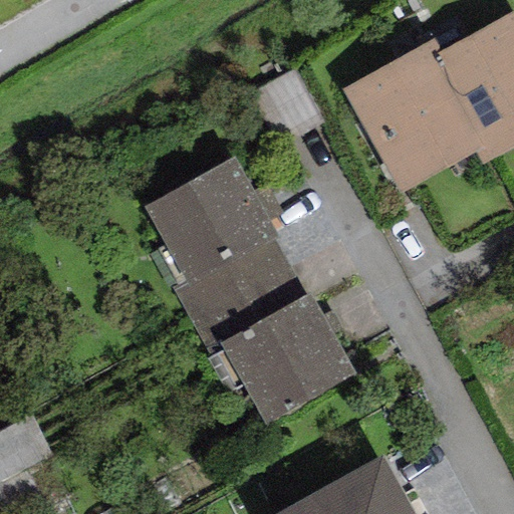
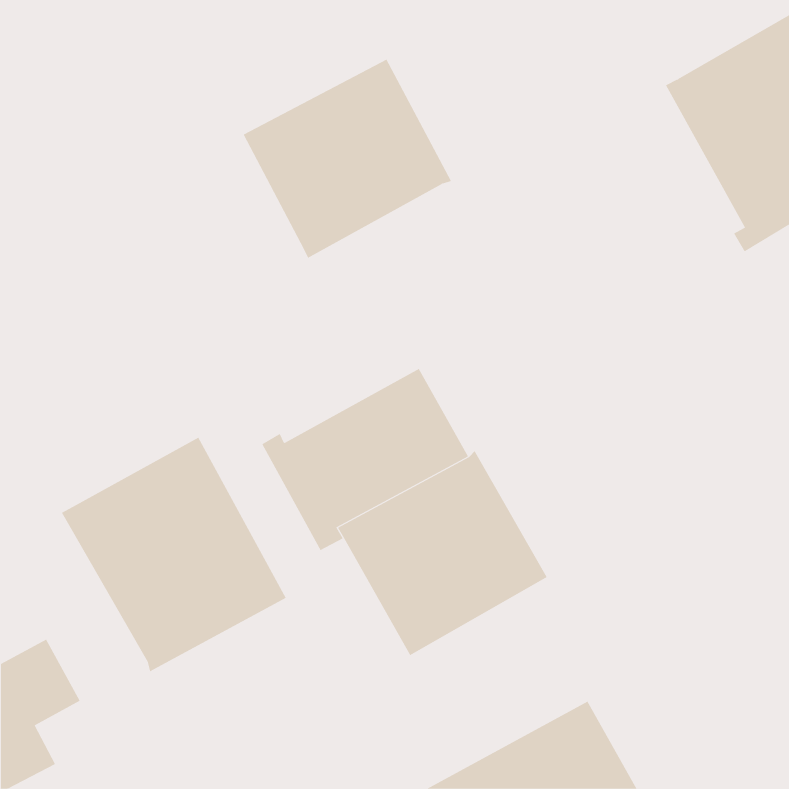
building: [343,39,484,194] -> none
building: [144,158,279,287] -> [243,59,452,258]
building: none -> [61,437,286,672]

